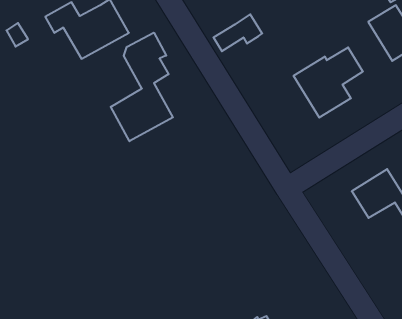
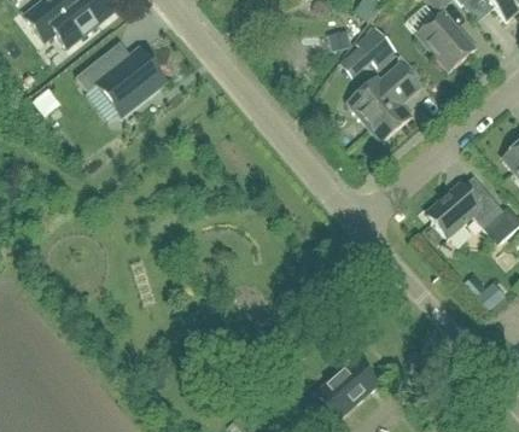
building: [213,14,262,51] -> [343,28,393,71]
building: [111,33,173,141] -> none

